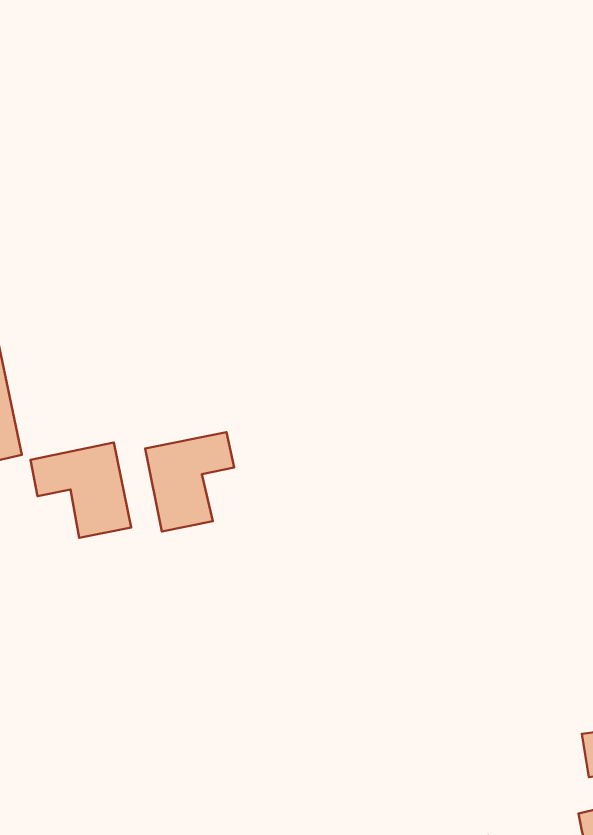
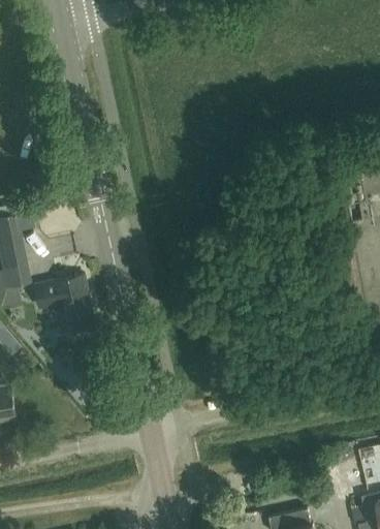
building: [145,432,234,532] -> none

